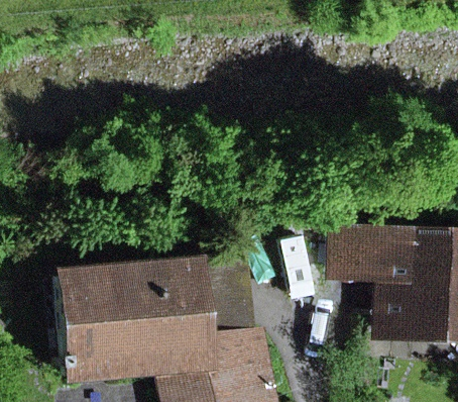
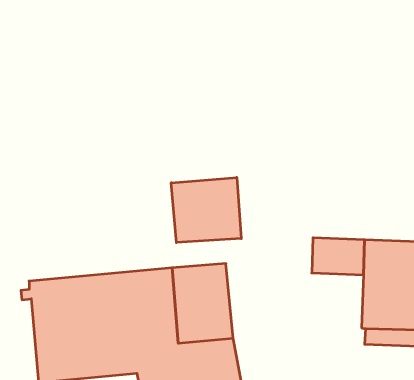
building: none -> [171,177,241,243]

